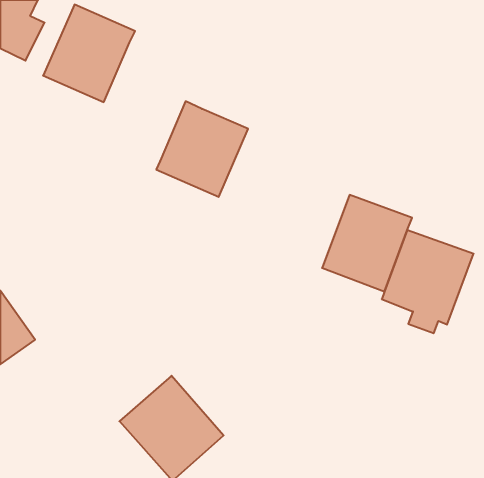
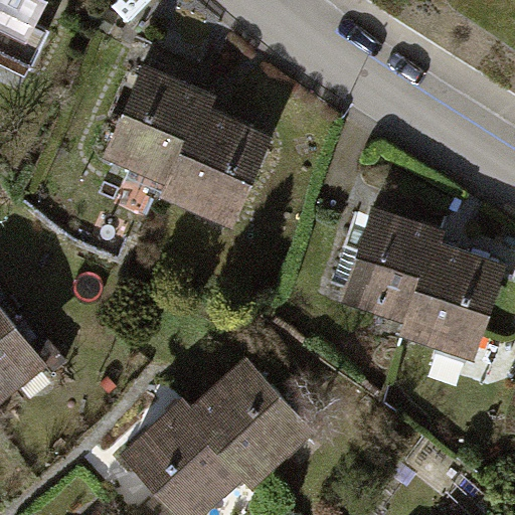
building: [43,5,135,102] -> [106,73,203,177]
building: none -> [189,363,305,480]

